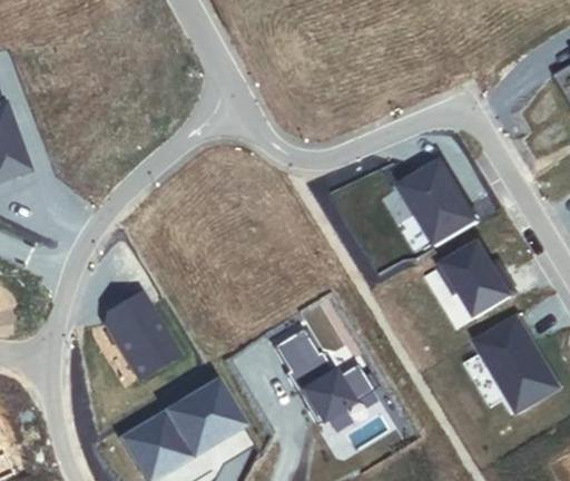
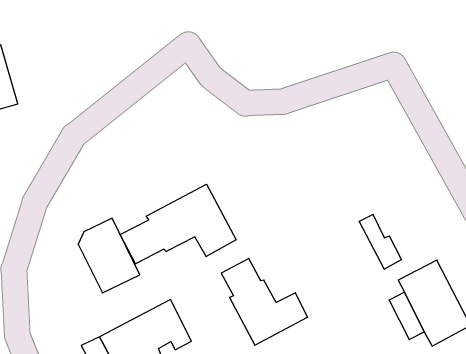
building: [400,160,478,246] -> none
building: [440,240,517,316] -> none
building: none -> [120,184,236,264]

